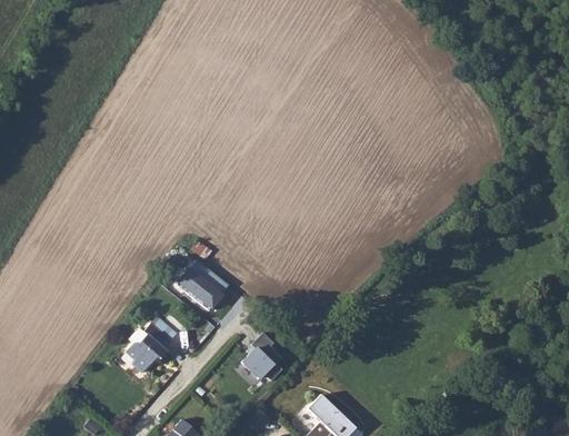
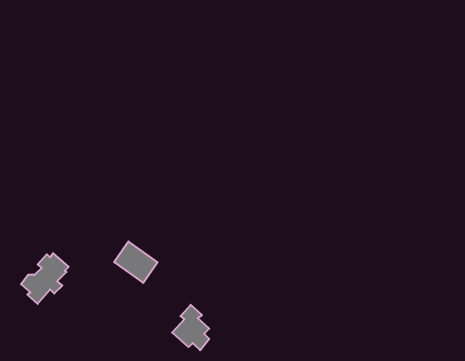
building: [126,318,177,373] -> [21,253,69,304]

